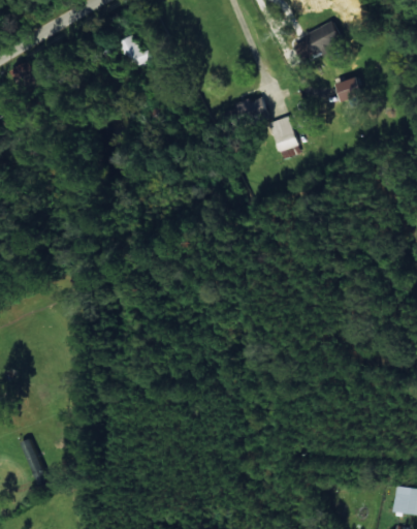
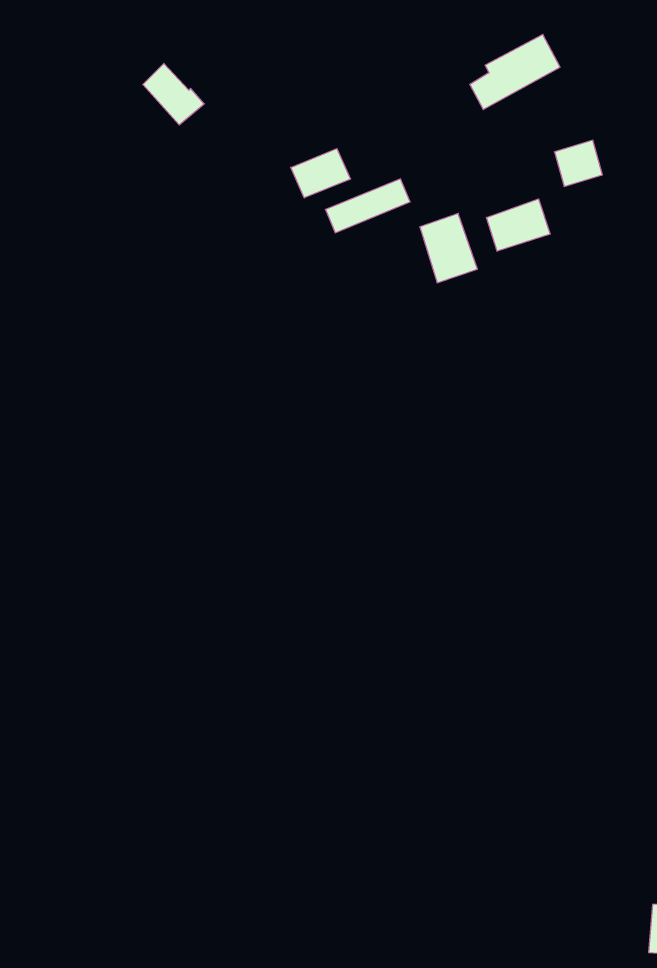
building: none -> [291,149,350,198]
building: none -> [486,199,550,251]

